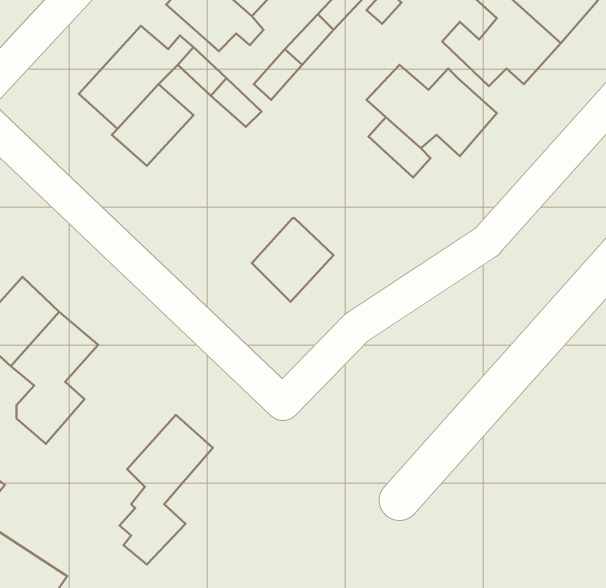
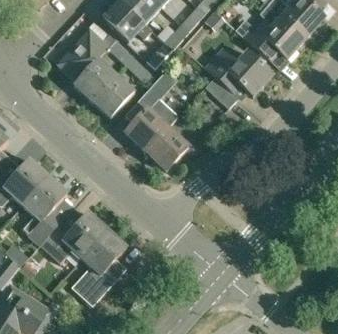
building: none -> [125,74,177,151]
building: none -> [92,75,135,118]
building: none -> [40,212,107,262]

